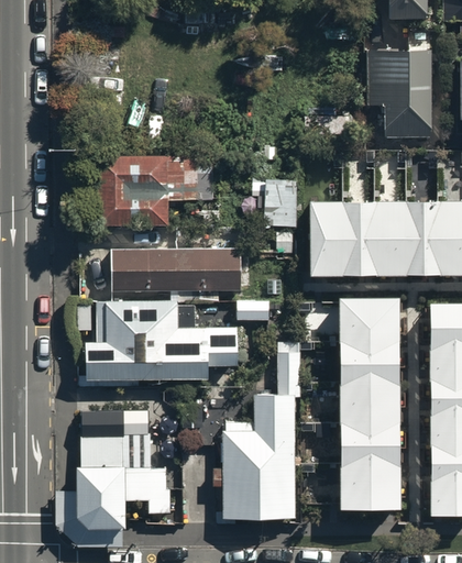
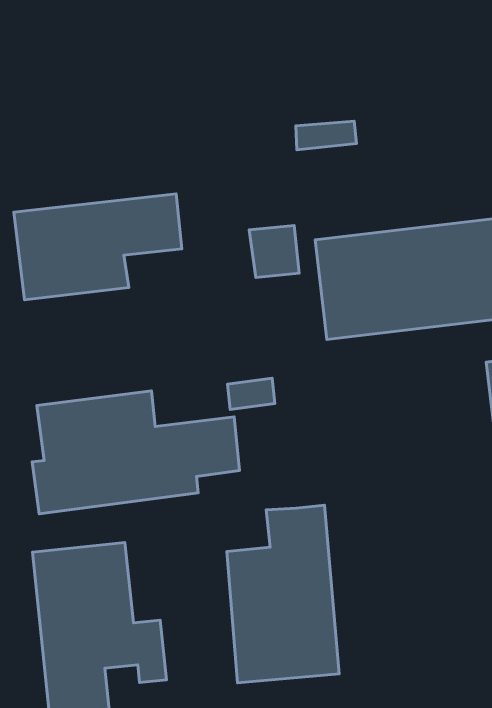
building: [385,48,435,136] -> none
building: [116,254,239,290] -> none
building: [340,300,397,507] -> none

